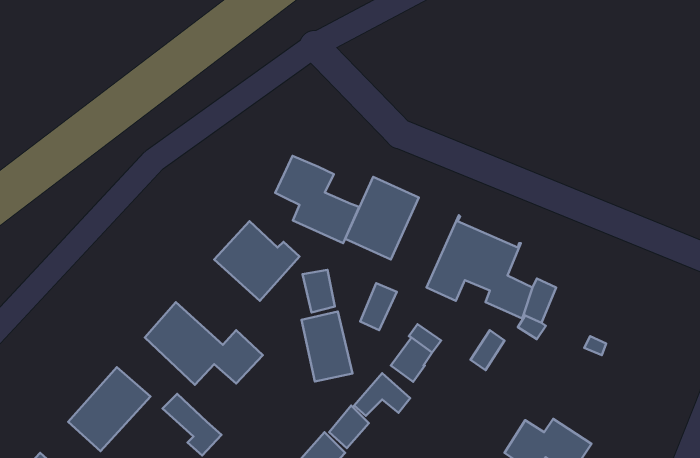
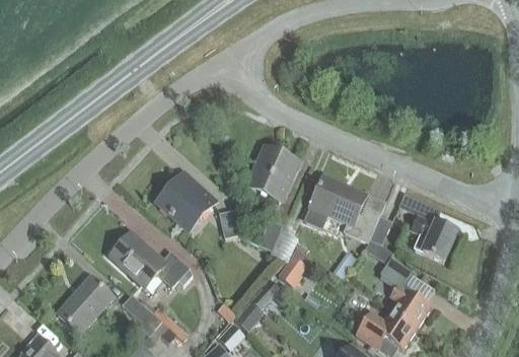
building: [275,156,359,243] -> none
building: none -> [411,216,456,262]
building: [301,312,353,381] -> none
building: none -> [379,257,430,329]

